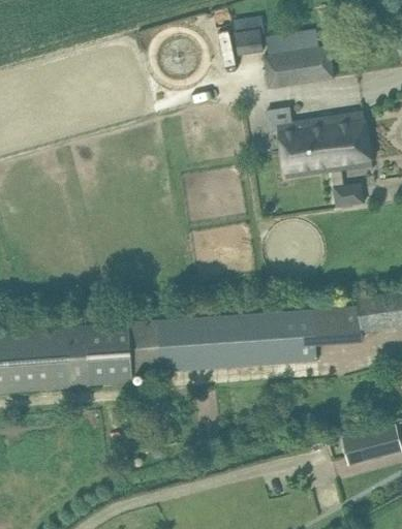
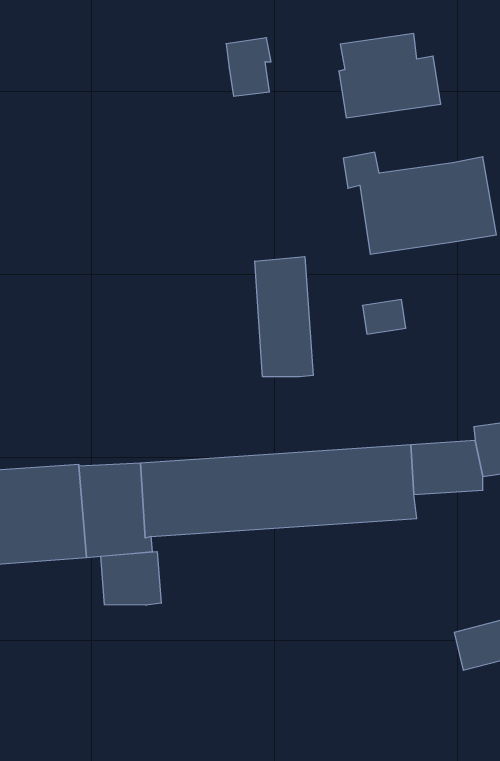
building: [233,14,264,55] -> [226,38,271,96]
building: none -> [255,257,313,377]
building: [333,184,363,208] -> [362,300,406,334]
building: none -> [101,552,161,605]

